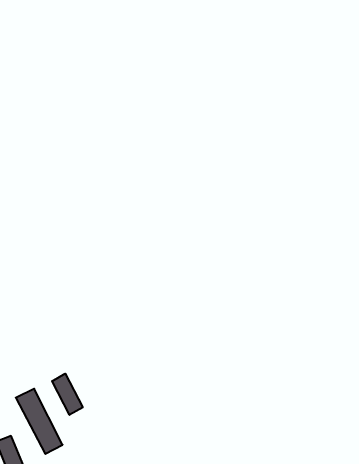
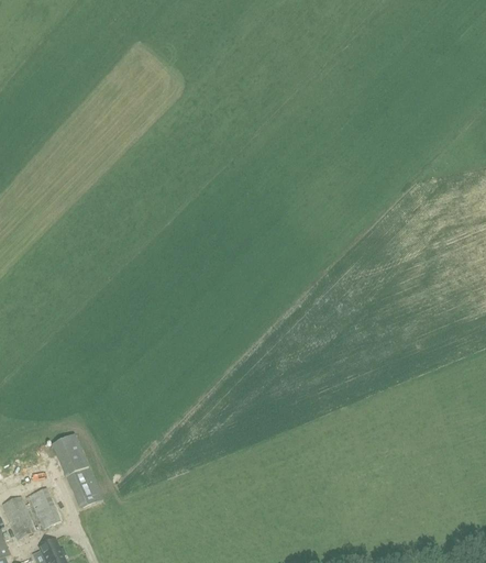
building: [52,374,83,415] -> none

